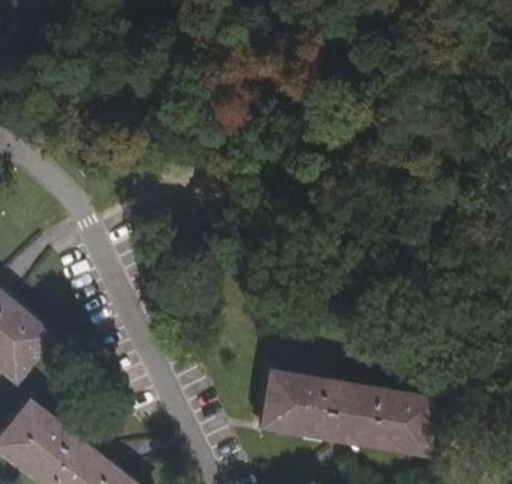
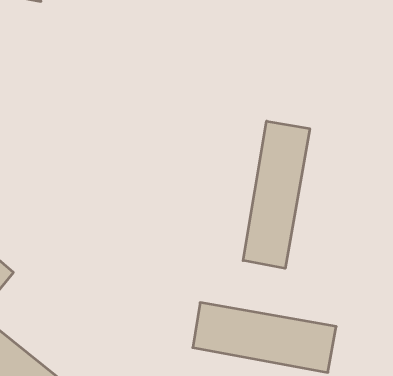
building: none -> [243,121,310,268]

